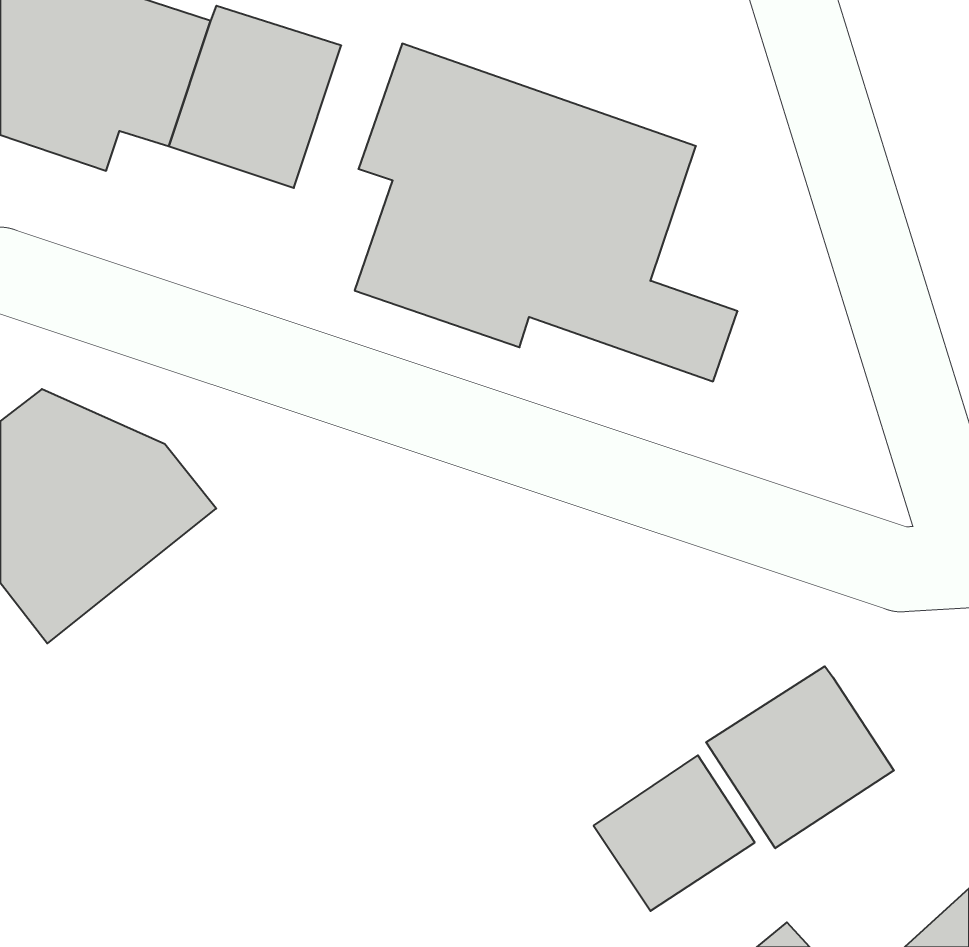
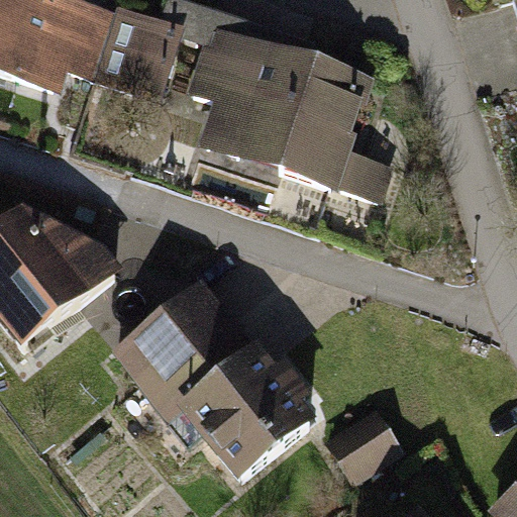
building: none -> [118,286,309,473]
building: [706,666,894,848] -> none

